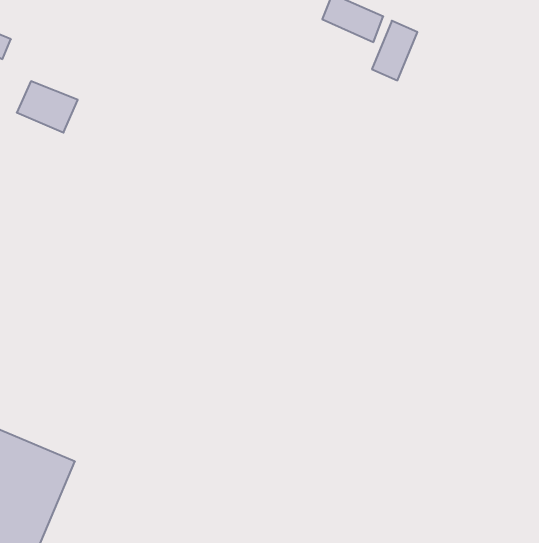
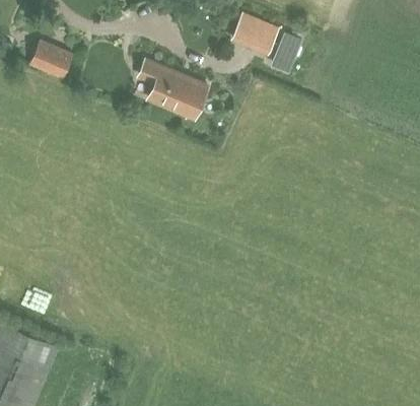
building: none -> [138,61,207,119]
building: [17,81,78,133] -> [28,42,72,78]

